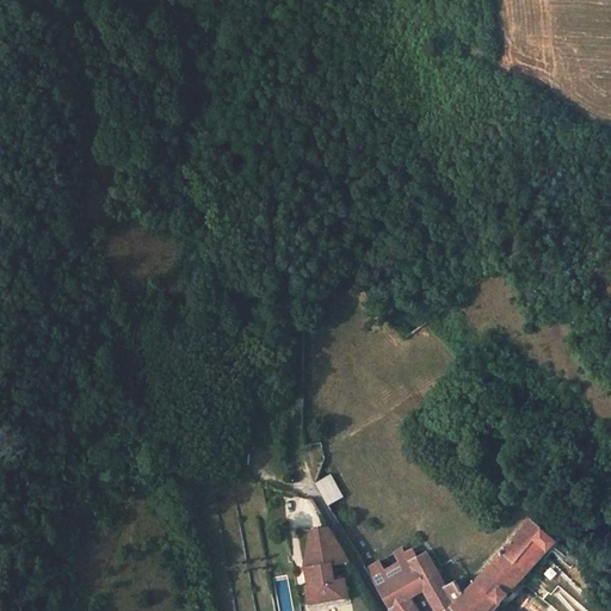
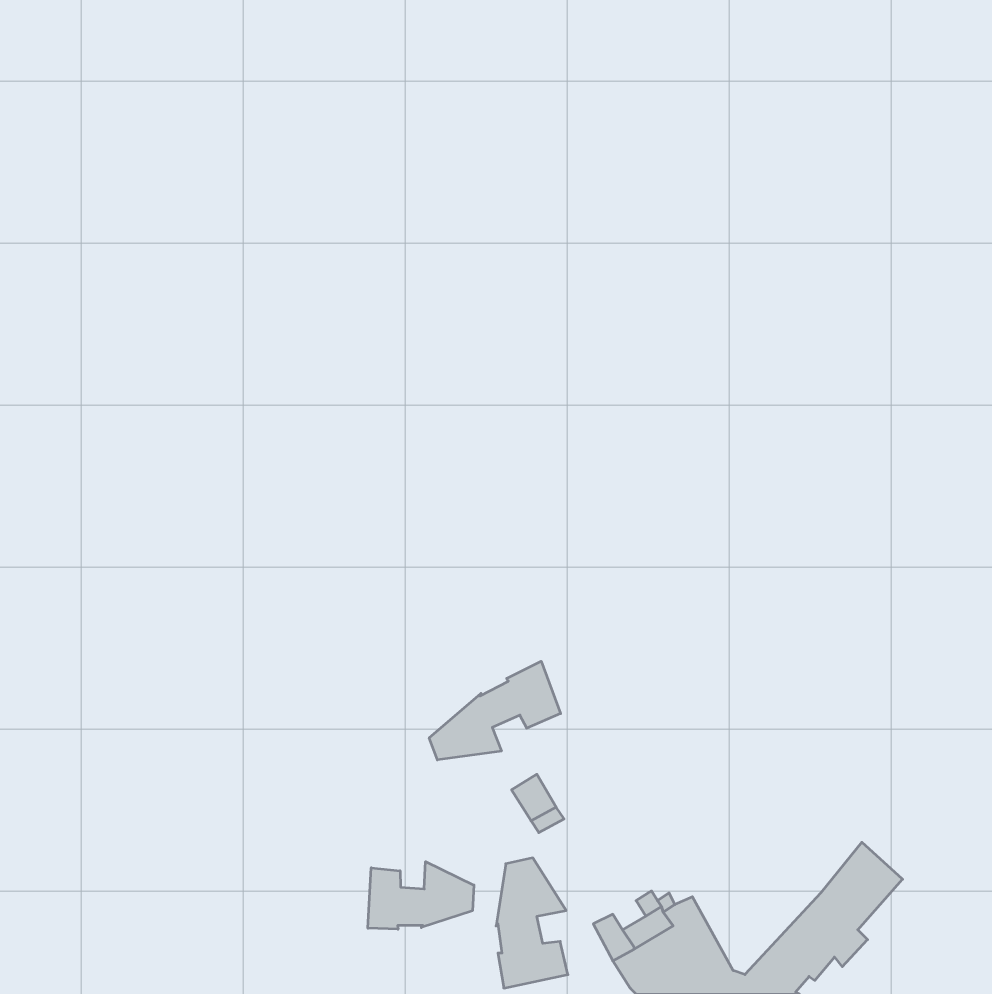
building: none -> [429,661,561,760]
building: none -> [368,862,474,929]

